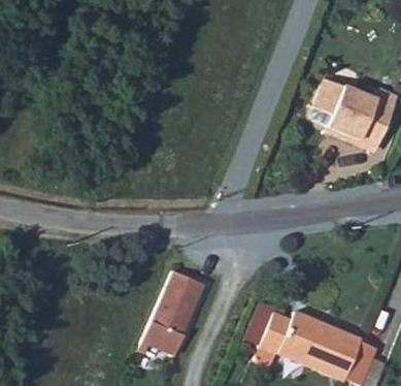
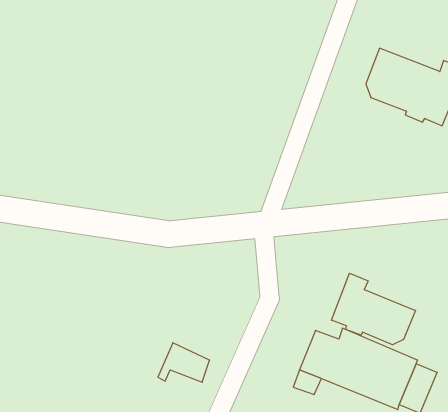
building: none -> [331,273,416,345]
building: [152,272,203,337] -> none

